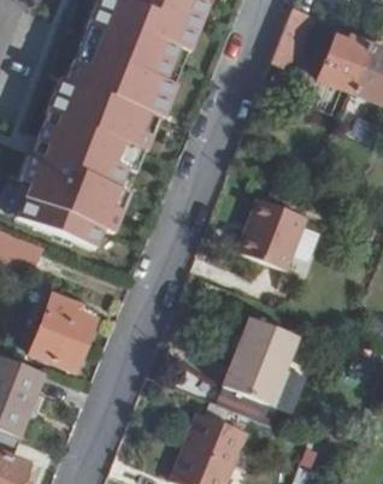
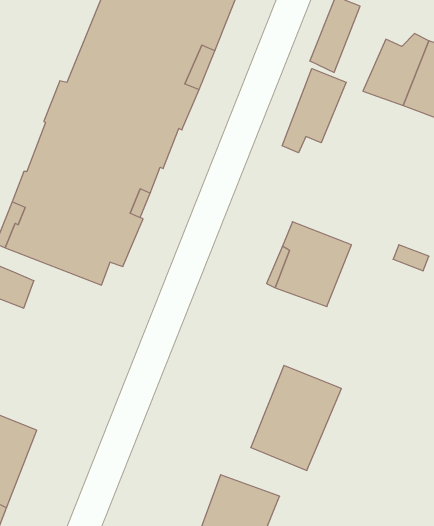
building: none -> [282,69,346,153]
building: [31,294,99,370] -> none

